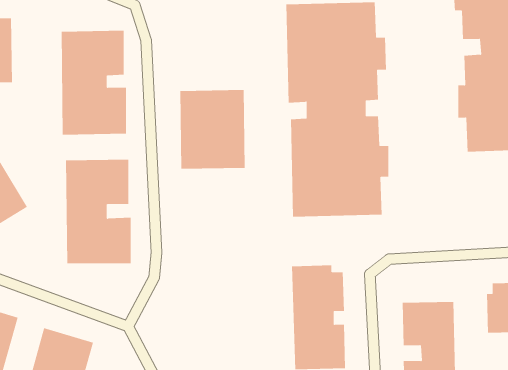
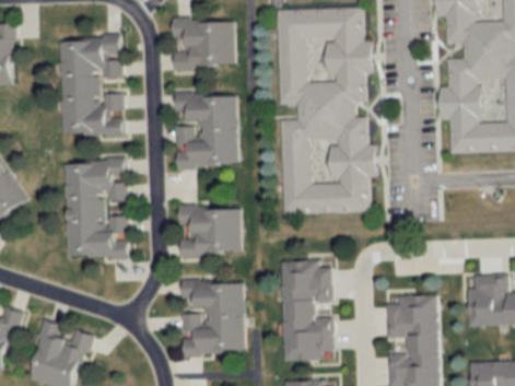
building: none -> [174,19,234,68]
building: none -> [180,207,242,256]
building: none -> [183,280,245,355]

